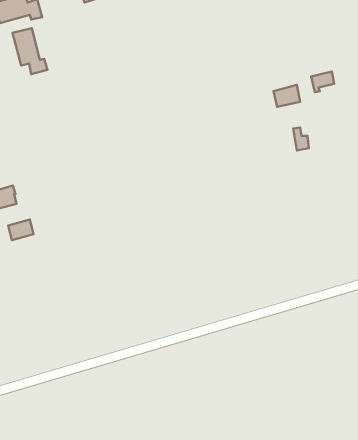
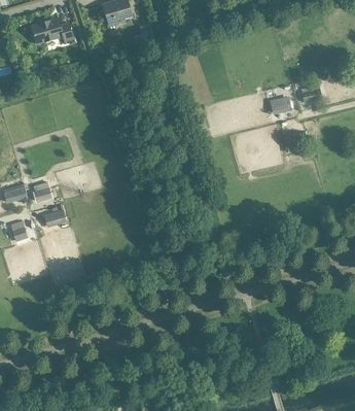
building: [13,28,48,74] -> none

